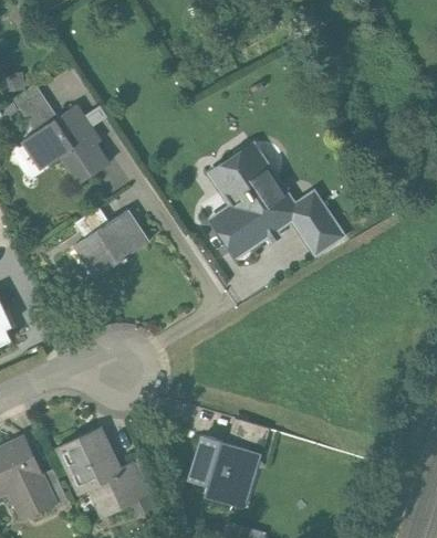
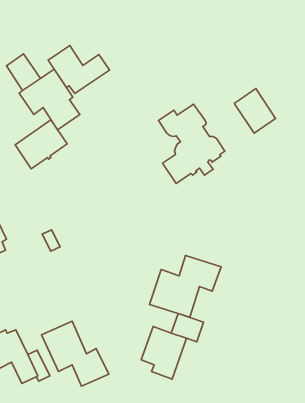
building: none -> [48,45,109,93]
building: [290,197,343,254] -> [234,89,275,133]
building: [82,210,149,273] -> [15,120,67,169]
building: none -> [149,256,221,317]

